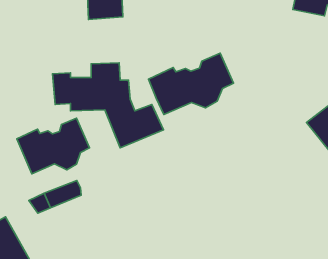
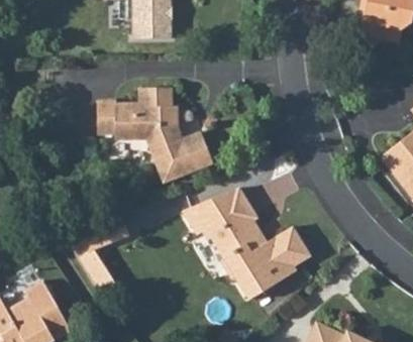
building: [148,53,234,115] -> none
building: [17,118,89,174] -> none
building: none -> [185,191,307,297]

